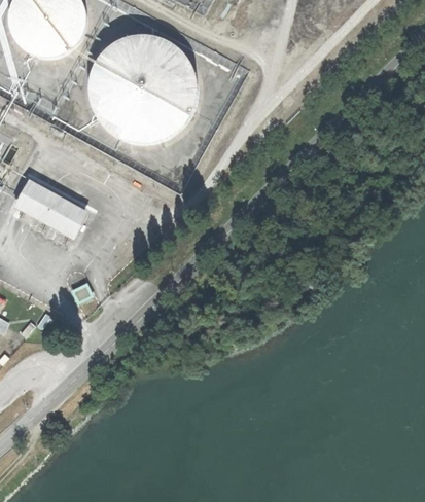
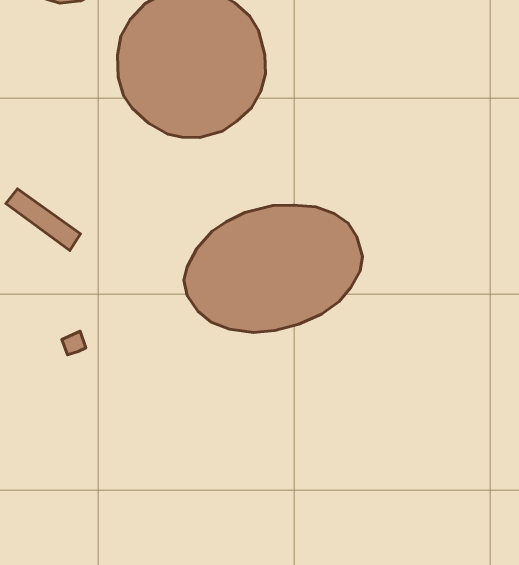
building: none -> [184,205,362,333]

